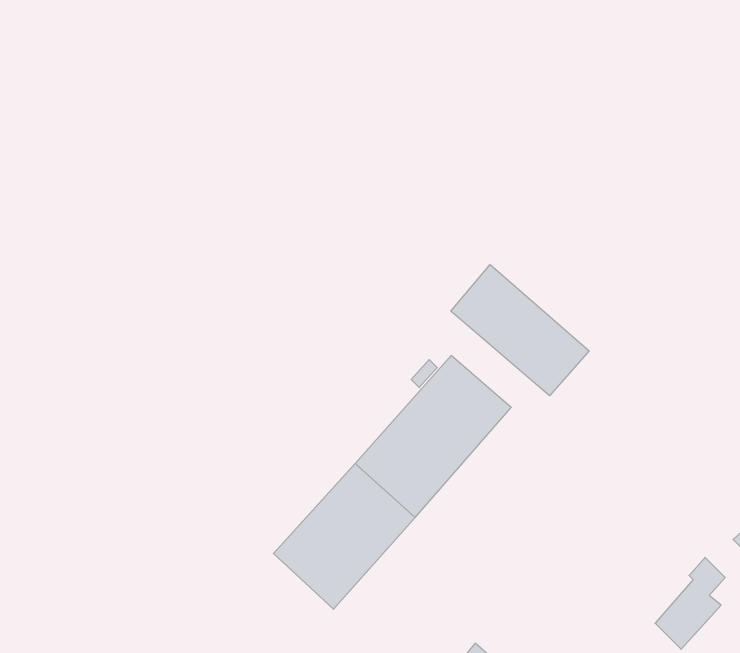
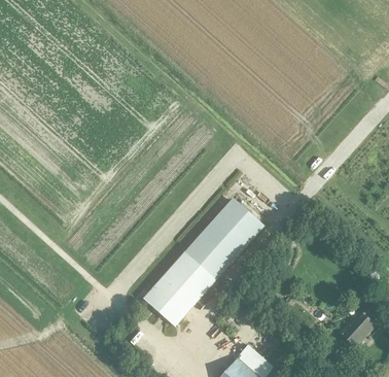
building: [451,264,589,396] -> none

